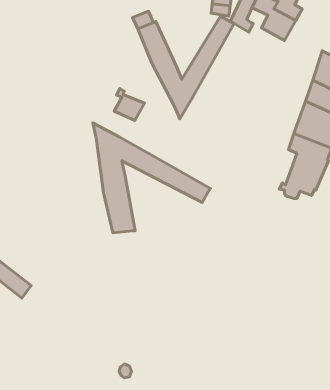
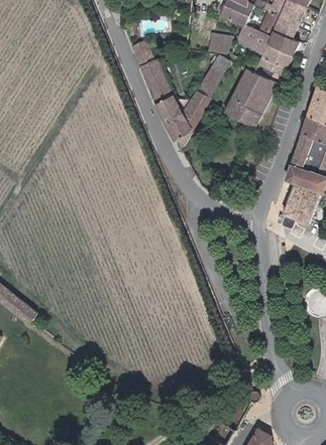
building: none -> [224,68,277,131]
building: [114,89,145,121] -> none
building: [93,123,211,233] -> none

